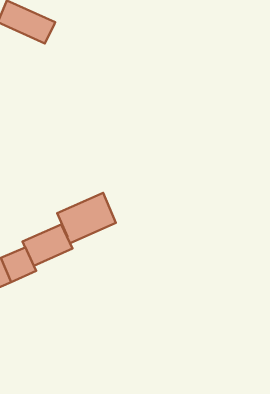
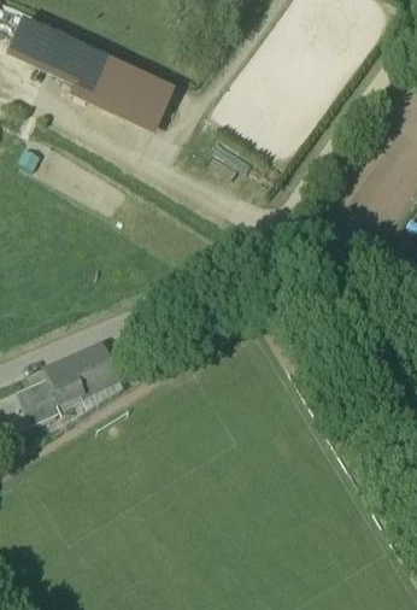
building: none -> [77,58,176,131]
building: [57,193,116,243] -> none

